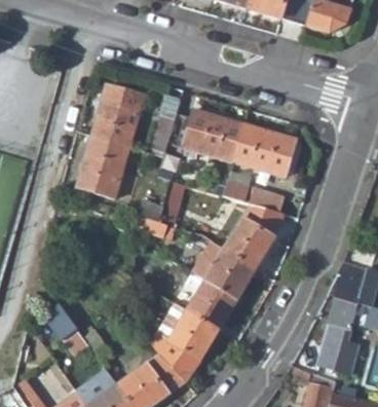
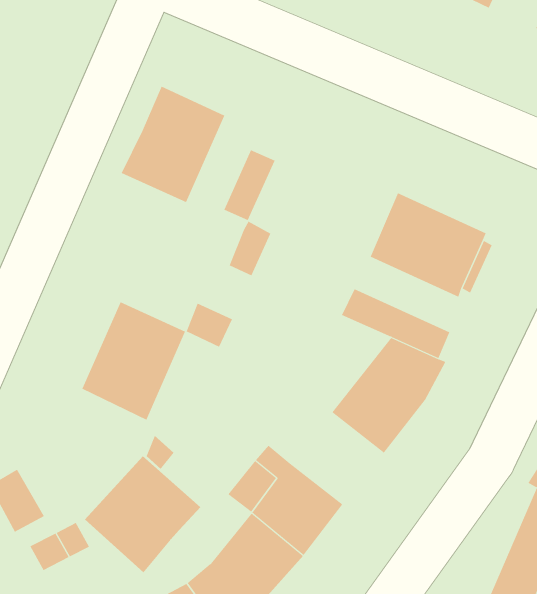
building: [182,111,243,162] -> none
building: [77,136,129,198] -> [81,301,186,421]
building: [205,250,256,299] -> none
building: none -> [84,456,201,573]

